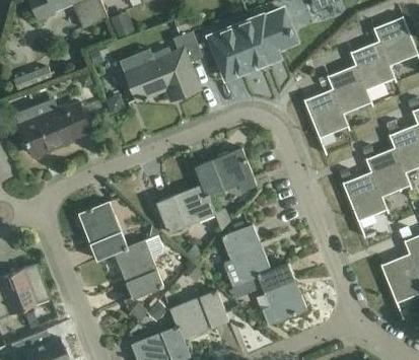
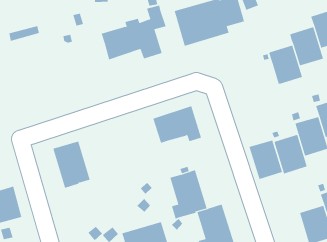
building: [304,89,348,154] -> [249,140,283,193]
building: [18,101,90,155] -> none
building: [157,185,215,232] -> none
building: [115,235,163,298] -> none

